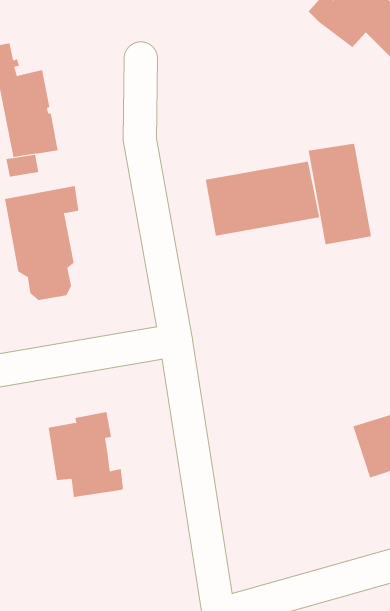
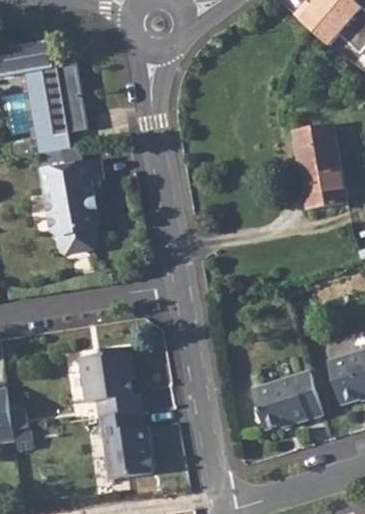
building: [205,161,320,237] -> none
building: none -> [255,368,324,427]
building: none -> [97,413,150,482]

